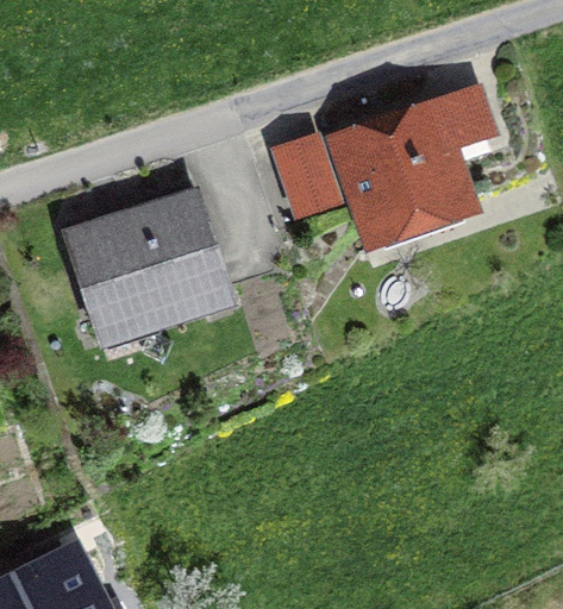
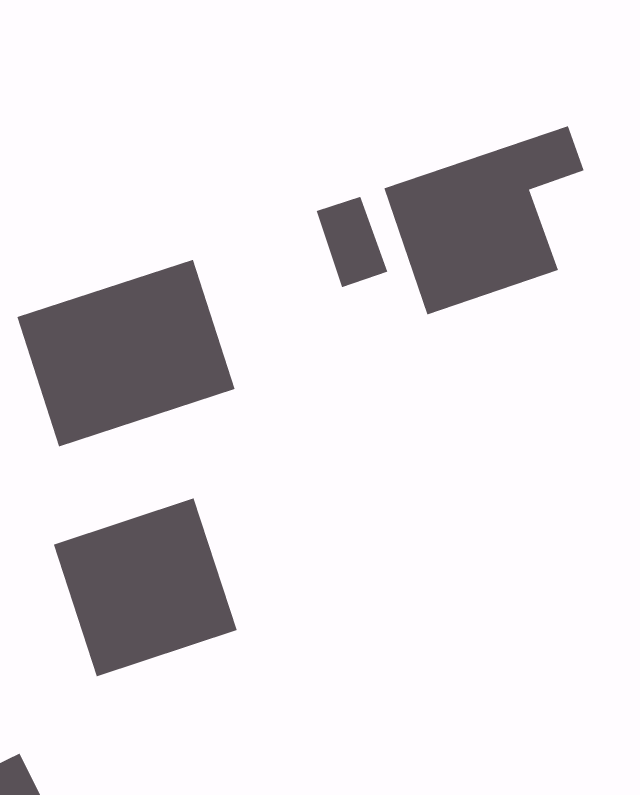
building: none -> [53,498,237,677]

